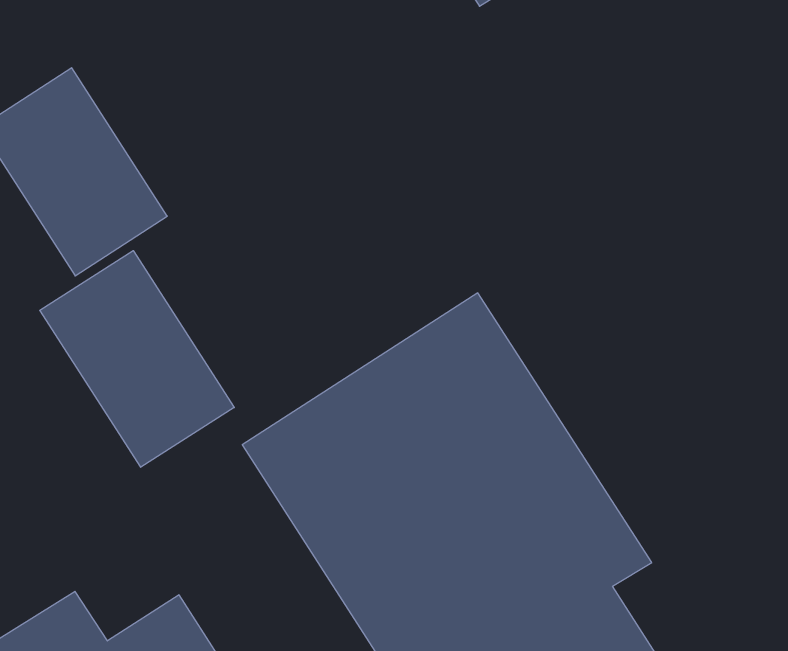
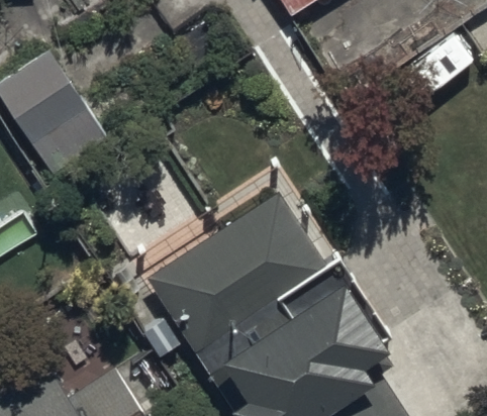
building: [40,251,234,467] -> none

